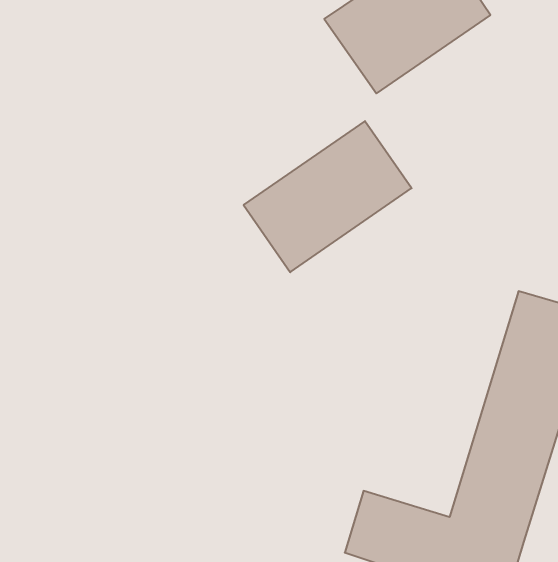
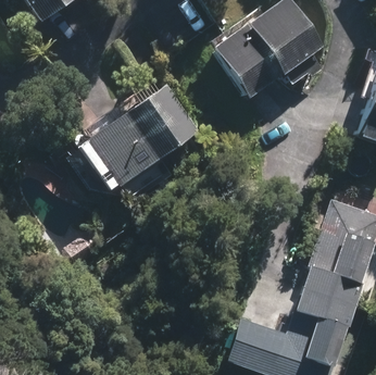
building: [244,121,412,272] -> [93,92,191,180]

